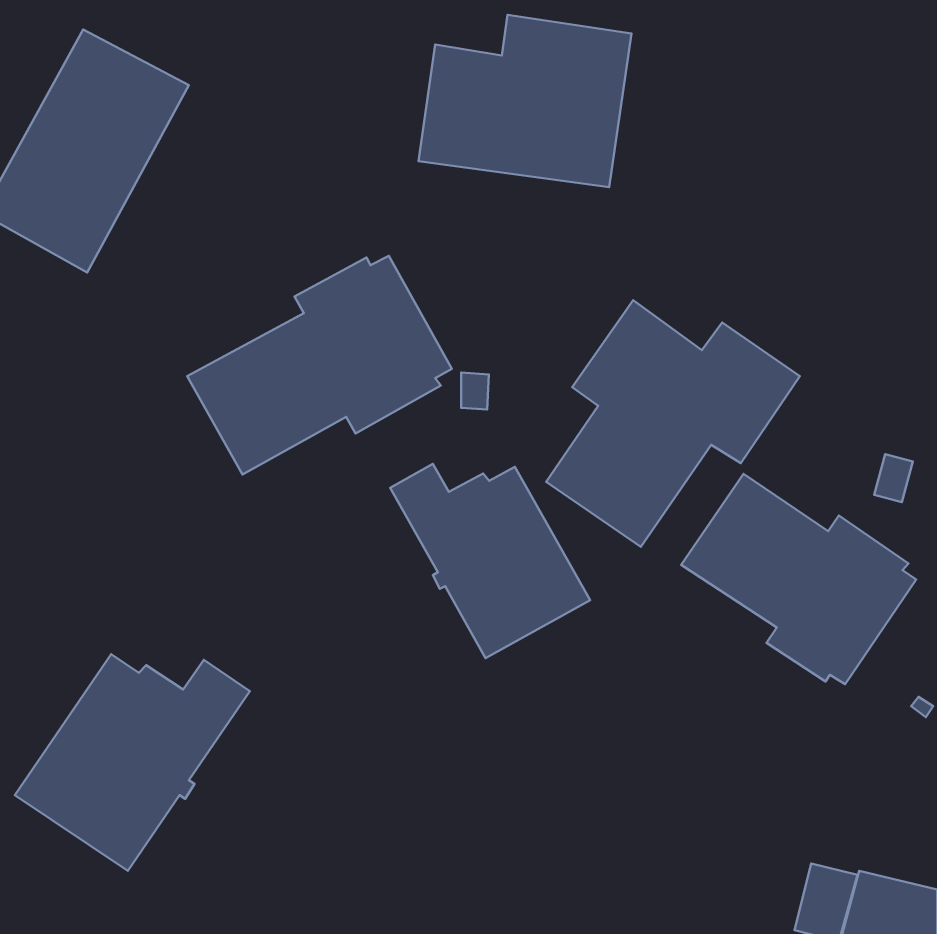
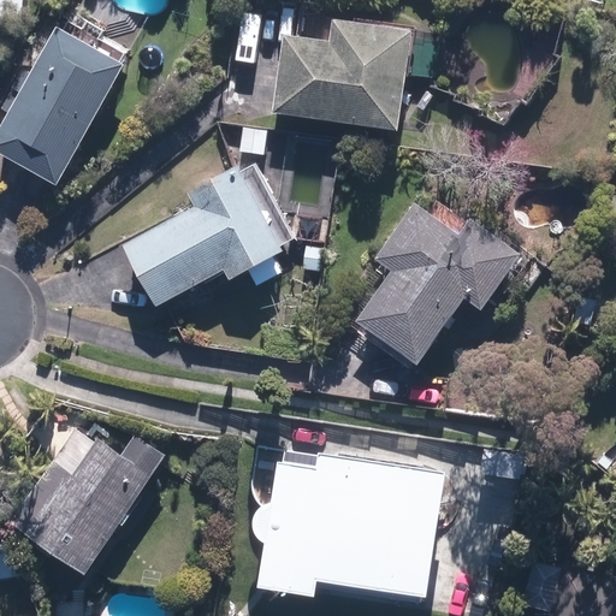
building: [390,464,590,658] -> none
building: [681,474,916,684] -> none
building: none -> [261,449,445,590]

